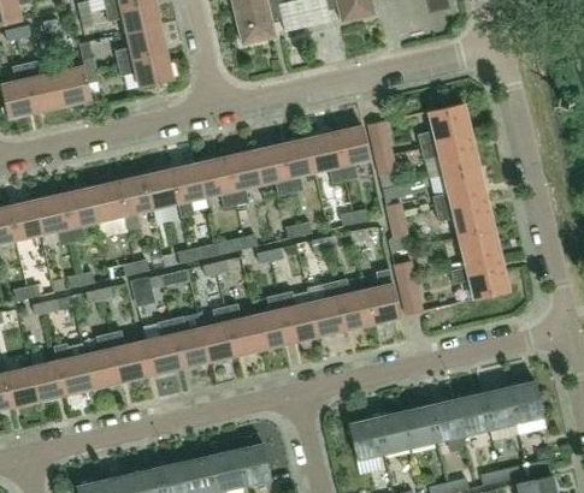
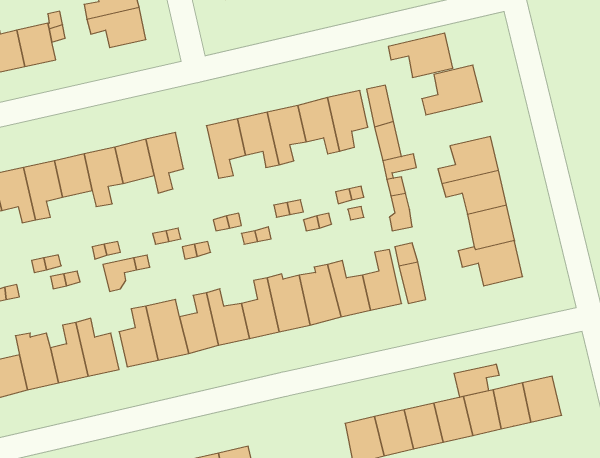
building: [421,136,479,176] -> [388,33,453,77]
building: [197,158,236,208] -> none
building: none -> [454,364,499,397]

